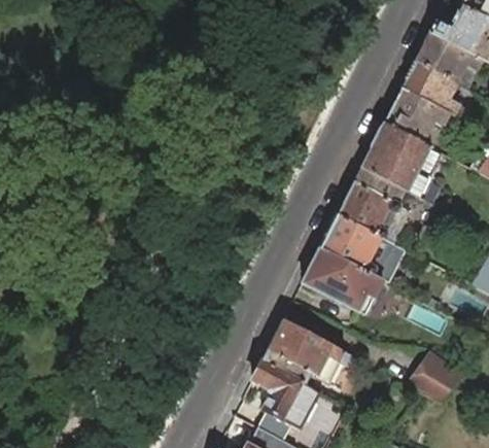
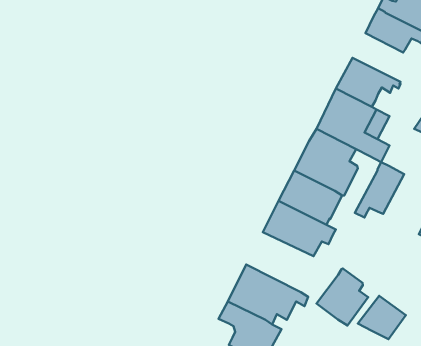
building: [401,61,462,119] -> none
building: none -> [355,162,404,218]
building: none -> [317,269,368,325]

